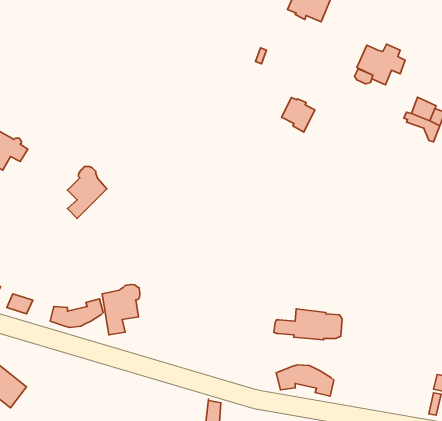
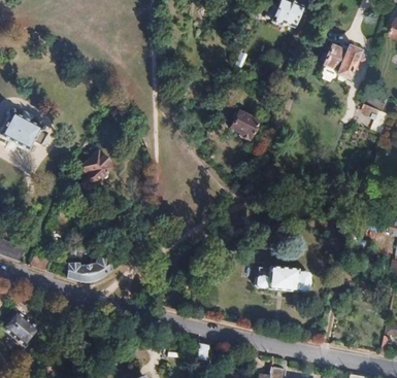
building: [282,97,315,132] -> [229,110,257,139]
building: [102,285,140,335] -> none
building: [276,365,334,396] -> none

